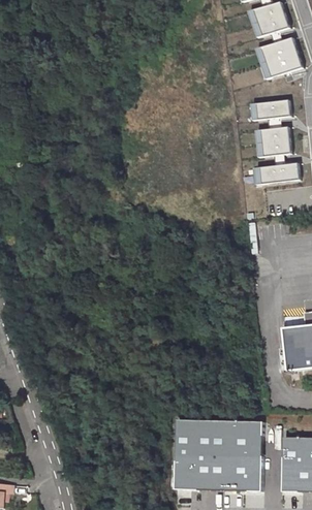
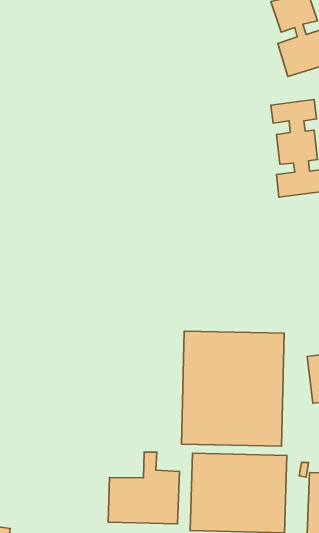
building: none -> [182,331,284,446]
building: none -> [108,452,179,524]

